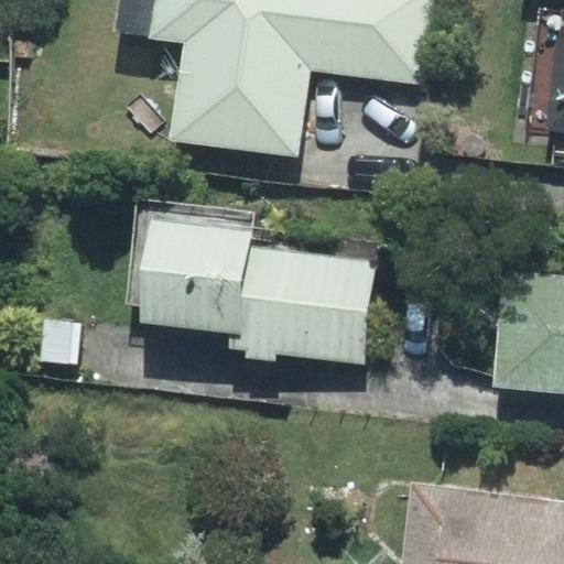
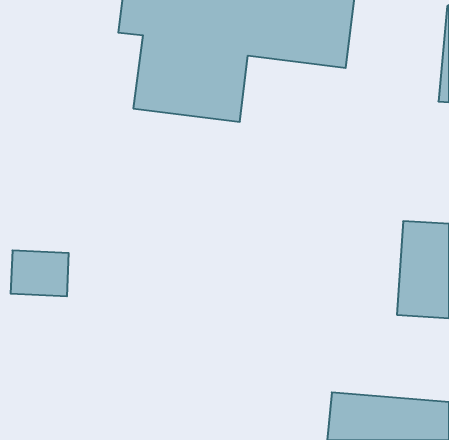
building: [143,225,372,364] -> none

